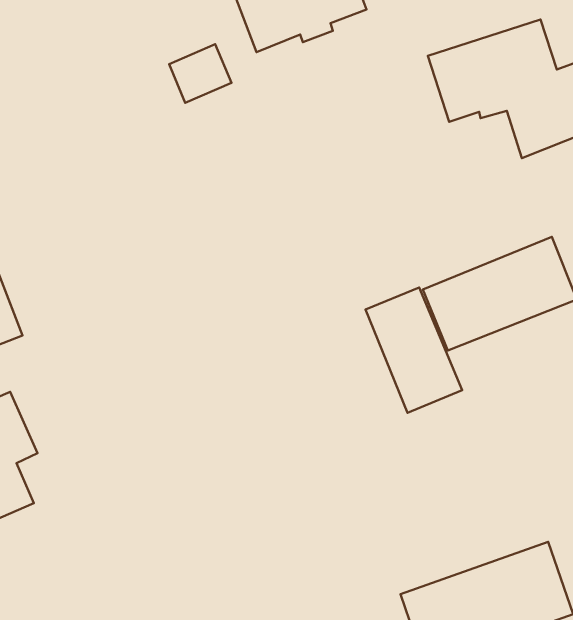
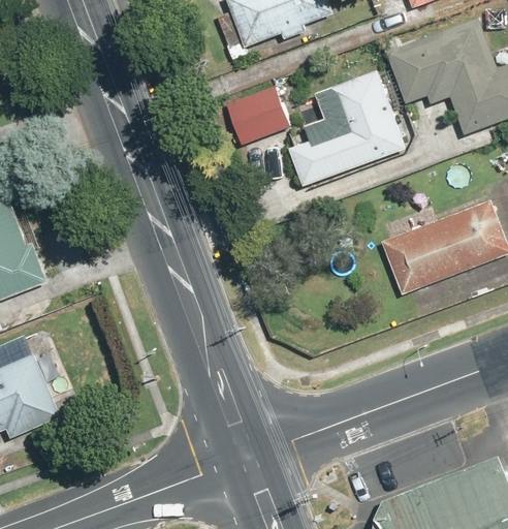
building: [169,44,232,103] -> [237,93,289,142]
building: none -> [287,71,404,187]
building: [365,288,462,413] -> none

